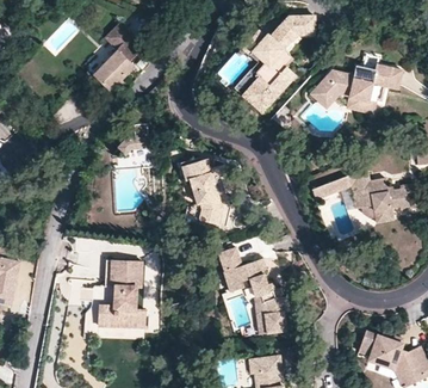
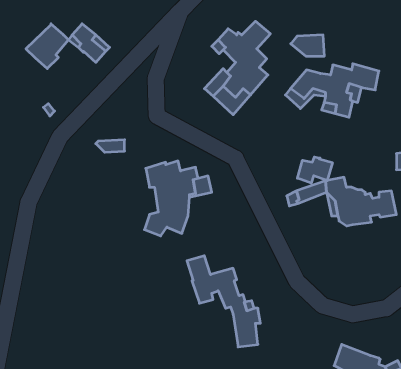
building: [281,13,314,33] -> [291,35,324,56]
building: [93,50,134,93] -> [26,24,68,69]
building: none -> [297,157,332,183]
building: [99,263,145,331] -> none

